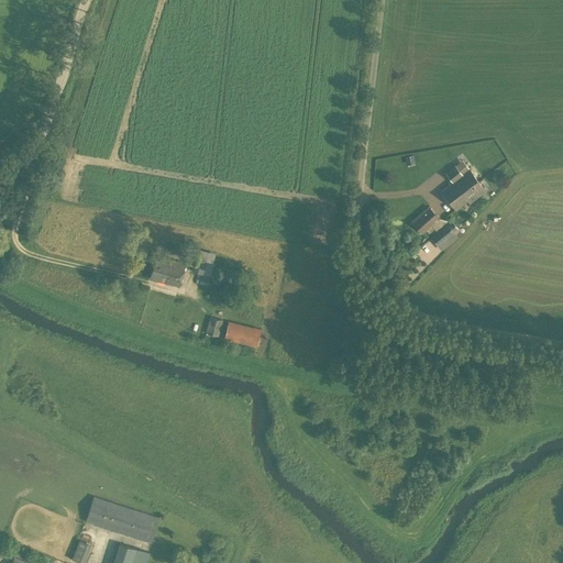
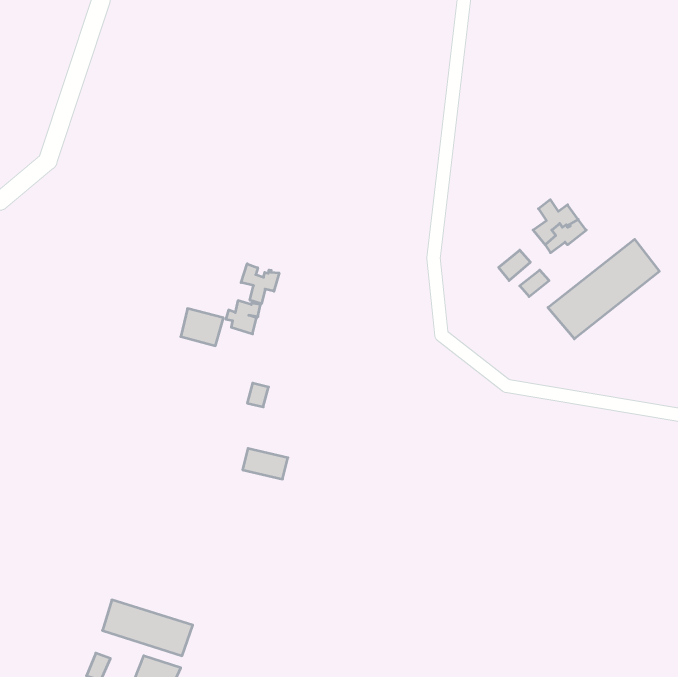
building: none -> [548,239,659,339]
building: none -> [241,264,279,304]
building: [224,323,262,349] -> [243,448,288,479]

